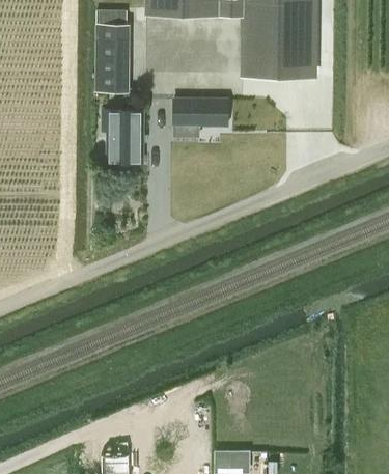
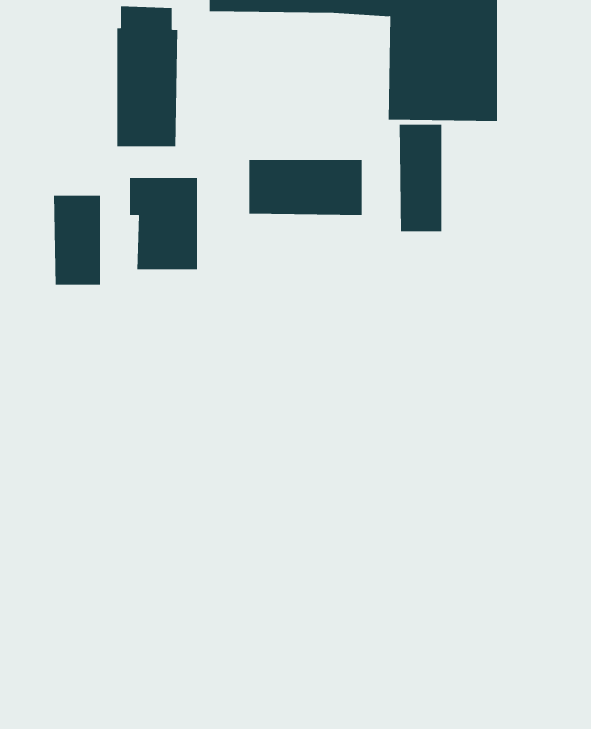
building: none -> [399,124,442,232]
building: none -> [54,195,100,286]

